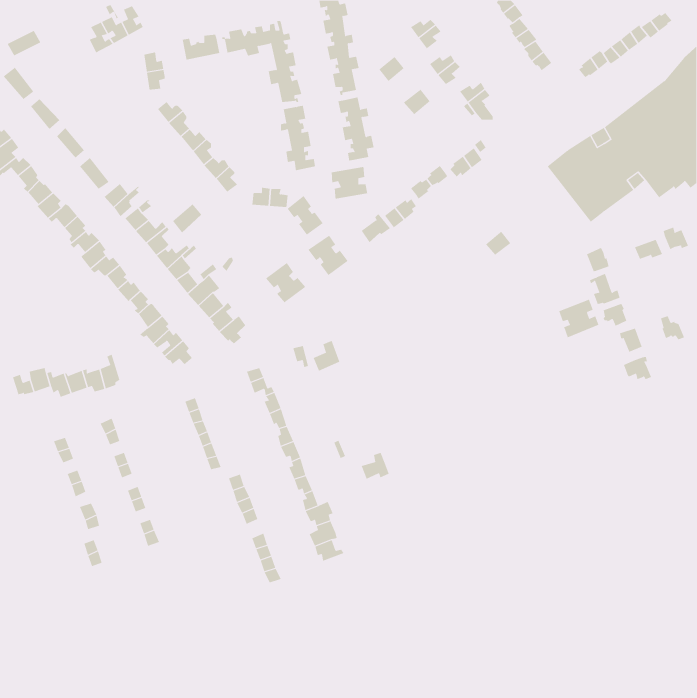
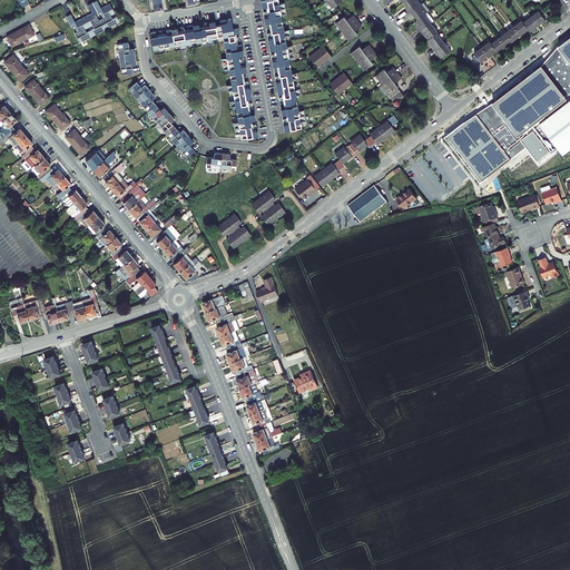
building: [331,166,368,199] -> none
building: [287,195,323,236] -> none
building: none -> [346,185,386,222]
building: [559,299,599,338] -> none

